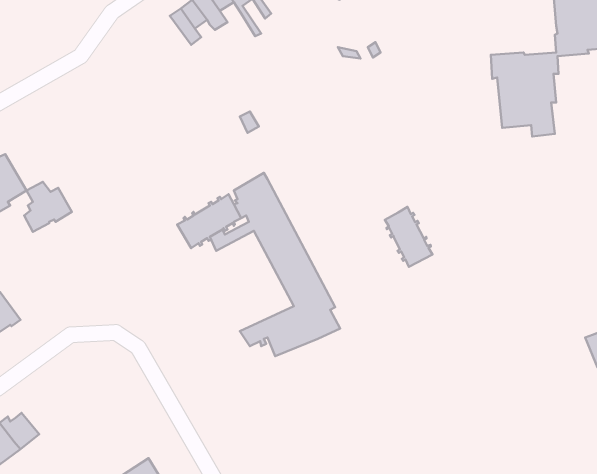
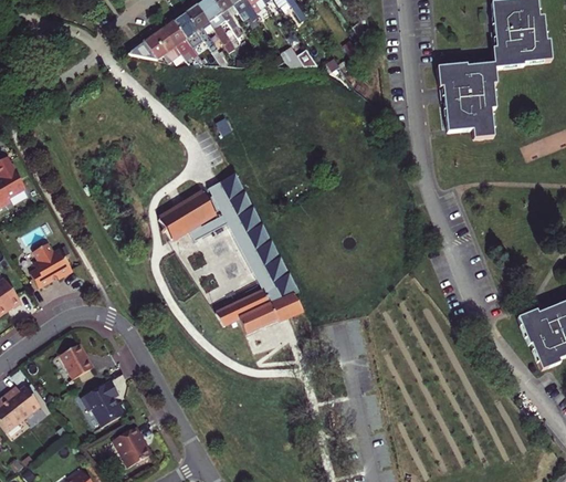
building: none -> [127,33,172,60]
building: [24,182,72,232] -> [29,242,71,286]
building: [385,207,432,267] -> none
building: none -> [57,339,93,376]
building: none -> [80,378,127,425]

